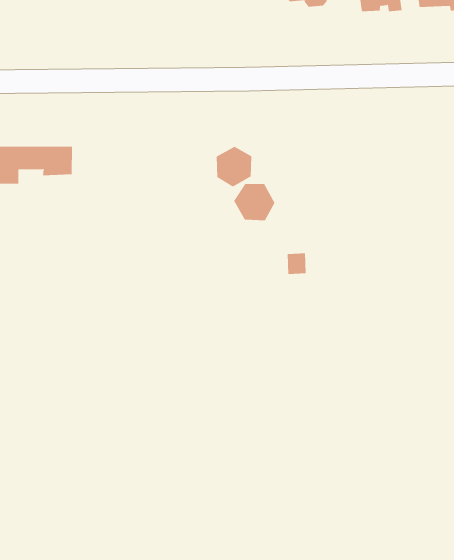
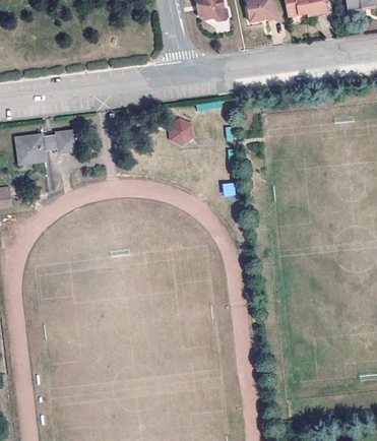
building: [234,183,275,221] -> none

